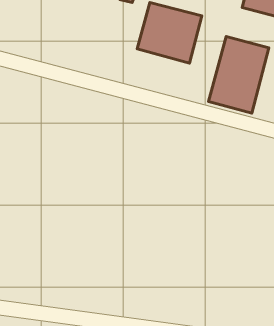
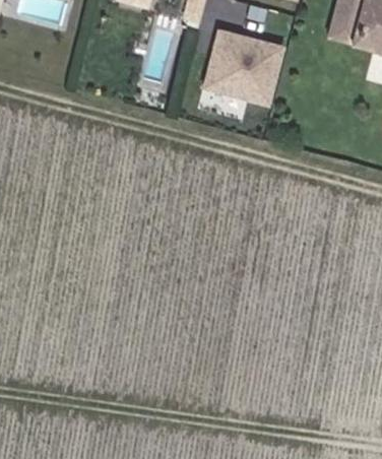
building: [208,37,269,113] -> none

